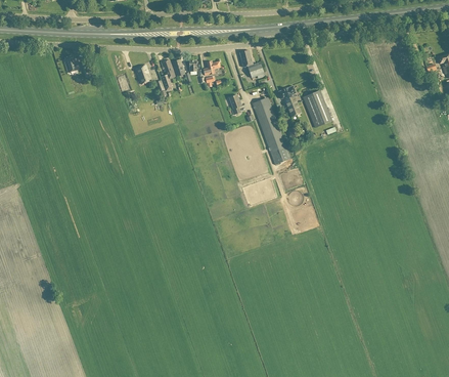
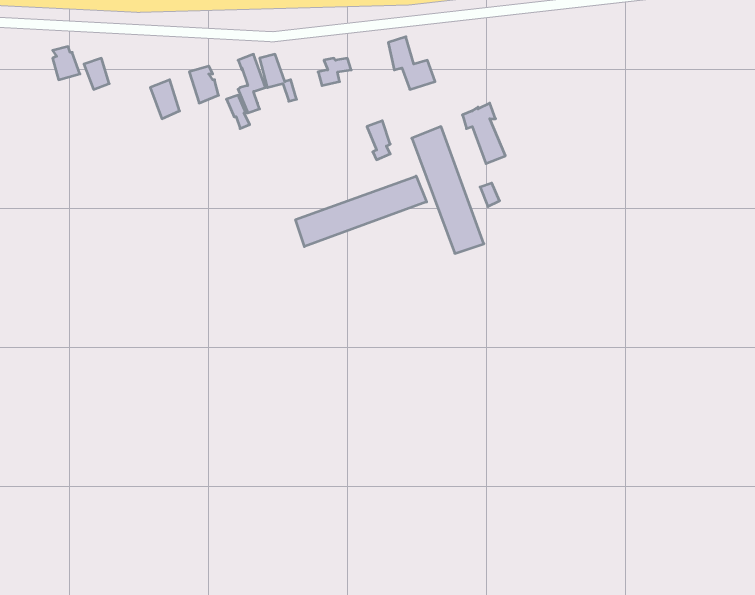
building: [303,88,331,126] -> none
building: none -> [296,176,427,247]

